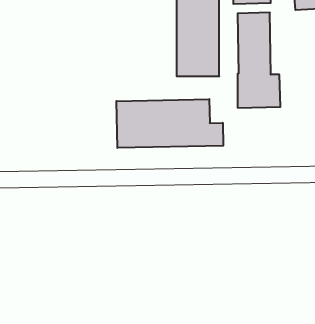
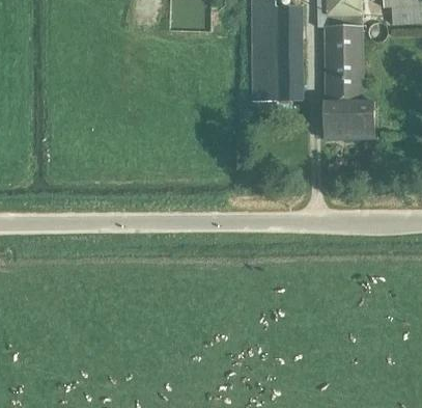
building: [116,99,223,148] -> none

